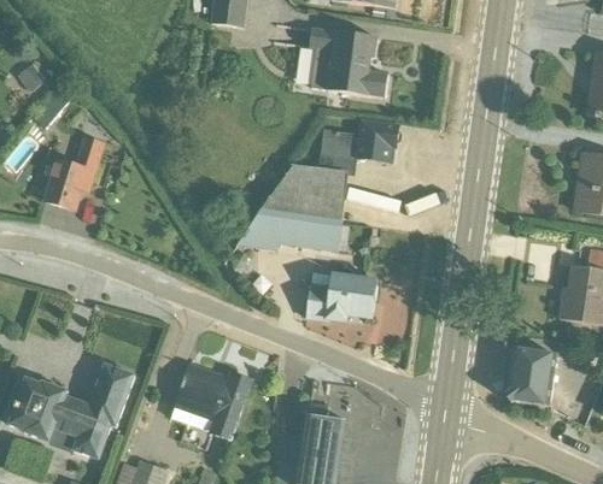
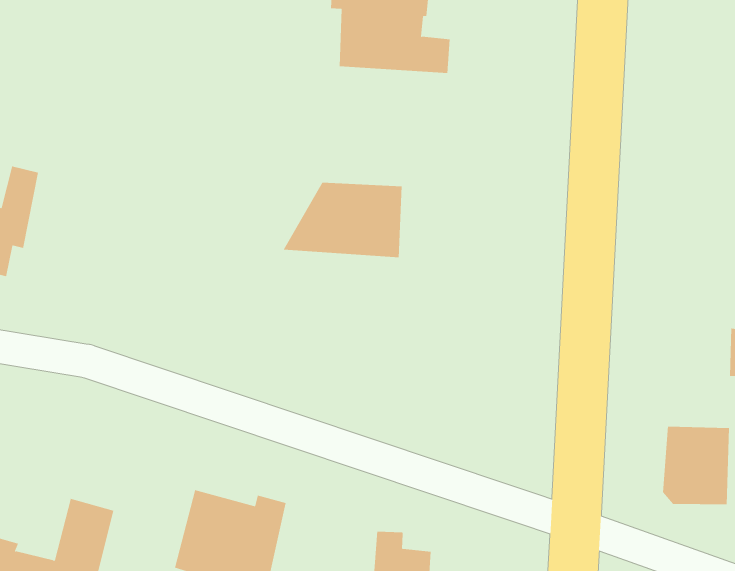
building: [318,119,400,171] -> none
building: [236,207,341,249] -> none
building: [305,271,377,320] -> none

